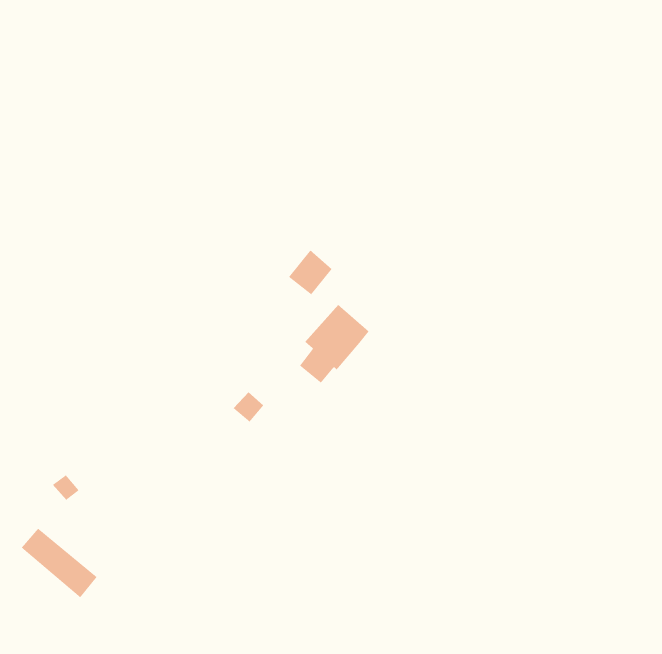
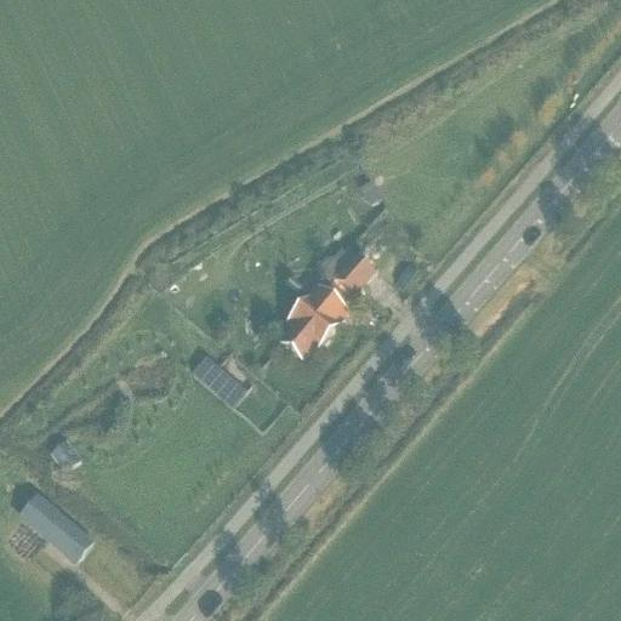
building: [288,250,332,295] -> [330,252,371,295]

